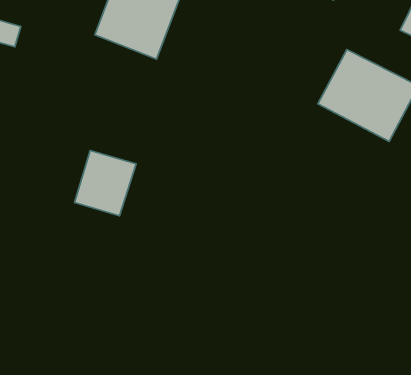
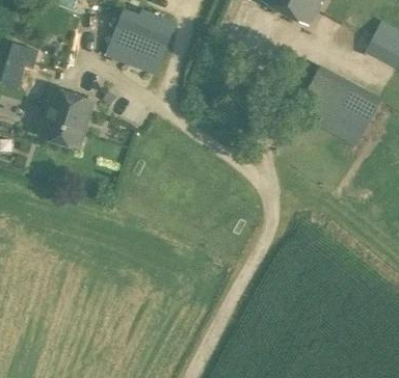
building: [74,150,136,216] -> [41,90,94,146]

